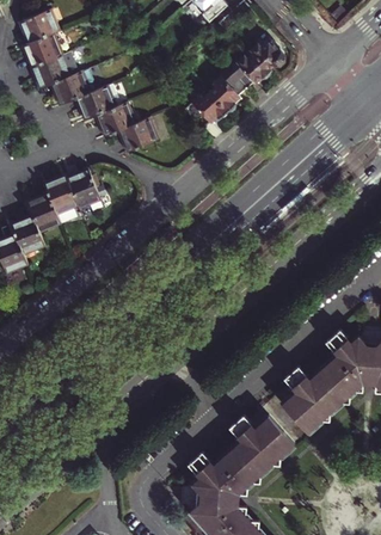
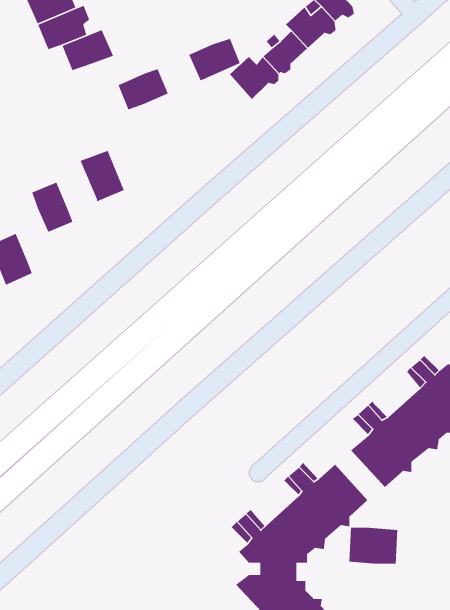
building: [76,86,117,119] -> none
building: [117,118,159,153] -> [188,38,241,82]
building: [44,173,79,215] -> none
building: [11,214,47,256] -> none
building: none -> [348,527,398,565]

